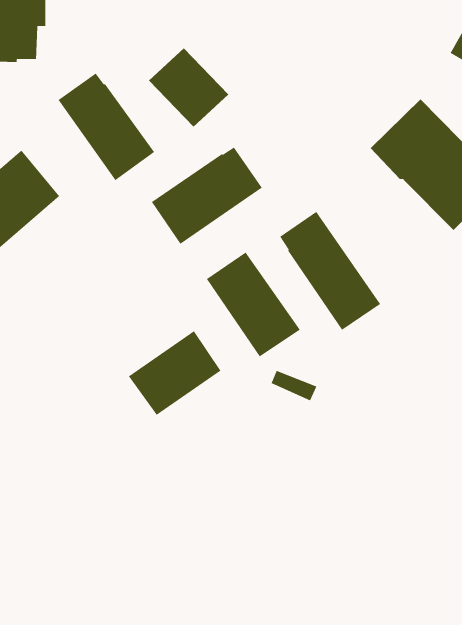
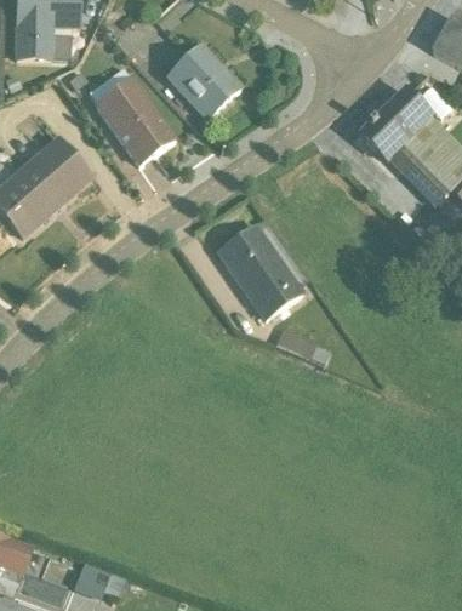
building: [151,146,263,245] -> none
building: [279,211,381,331] -> none
building: [128,330,222,416] -> none

